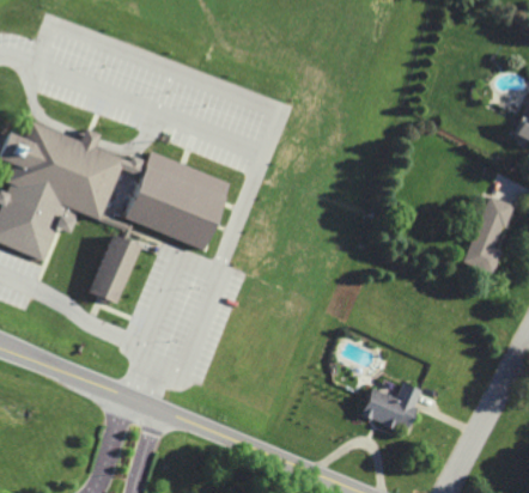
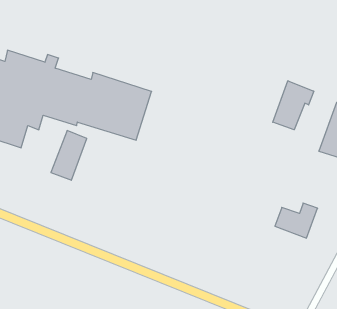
building: none -> [273,81,314,130]
building: [361,383,421,432] -> [275,203,318,238]

